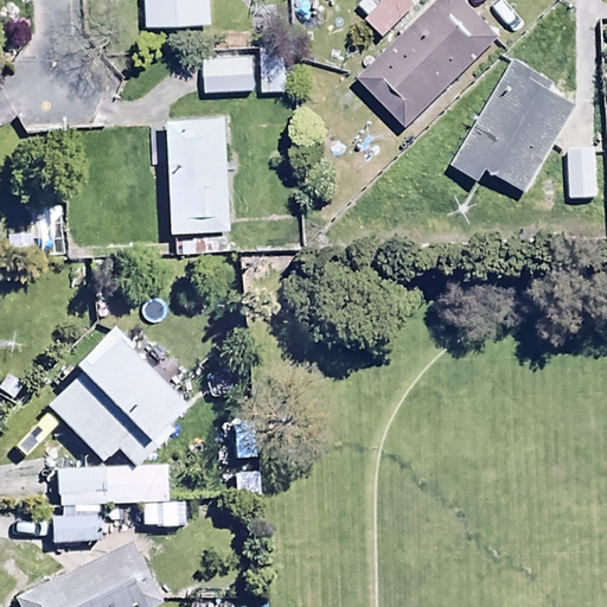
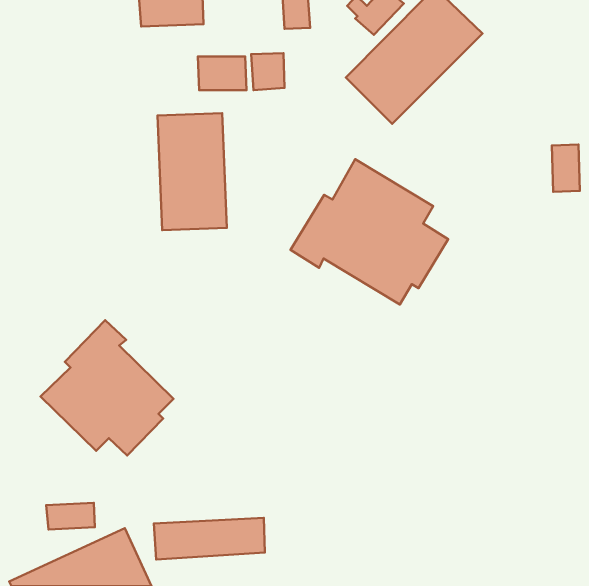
building: [451,59,577,192] -> none
building: none -> [291,159,448,305]
building: [55,466,168,509] -> [154,518,265,559]

